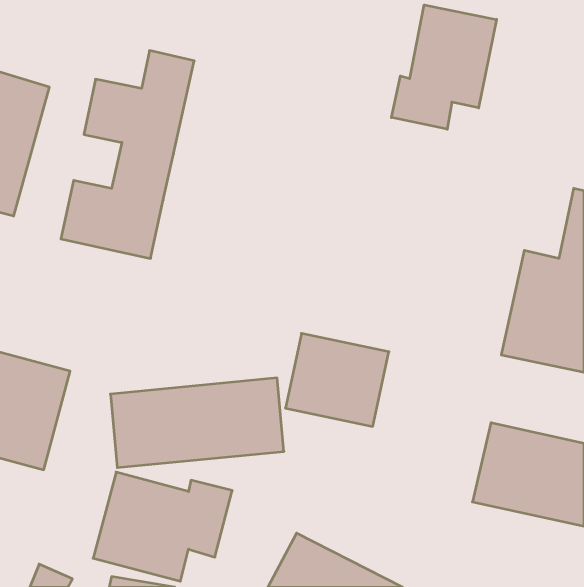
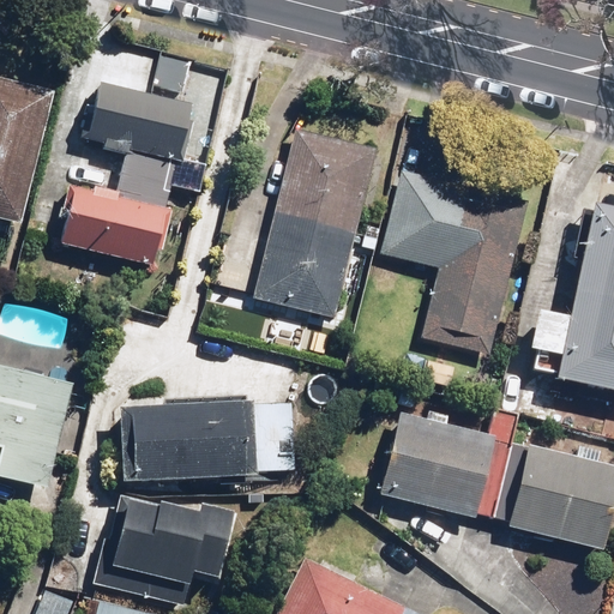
building: [391,5,497,129] -> none
building: none -> [253,126,380,319]
building: none -> [381,171,525,356]
building: [285,333,389,426] -> [389,415,496,512]

